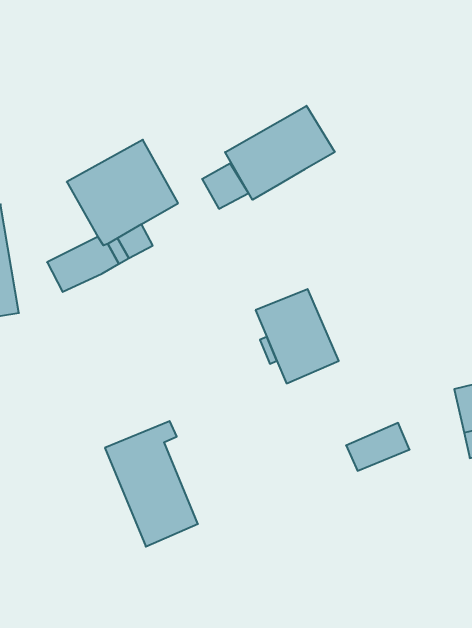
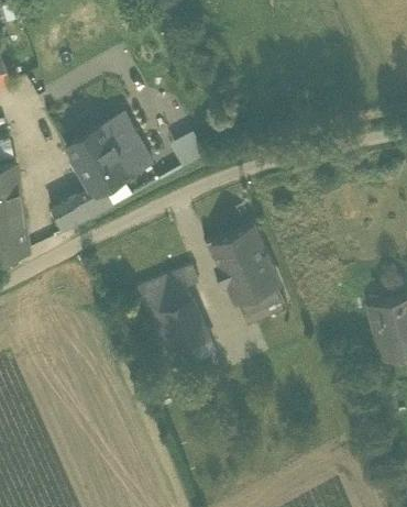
building: [225,106,335,200] -> none
building: [105,421,198,547] -> [141,268,213,366]
building: [346,423,410,471] -> [237,284,286,321]

